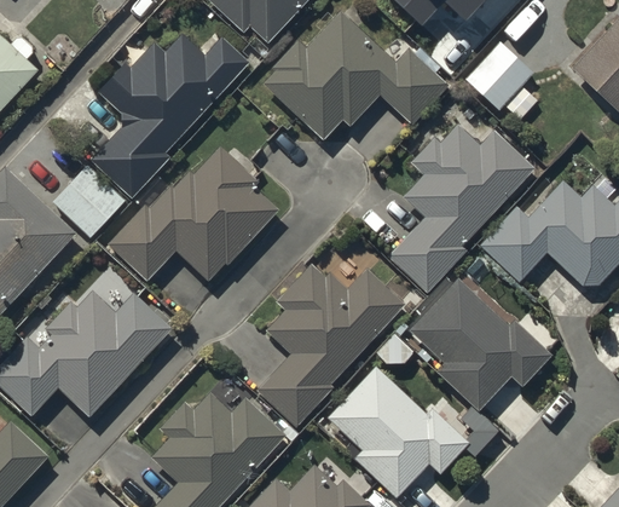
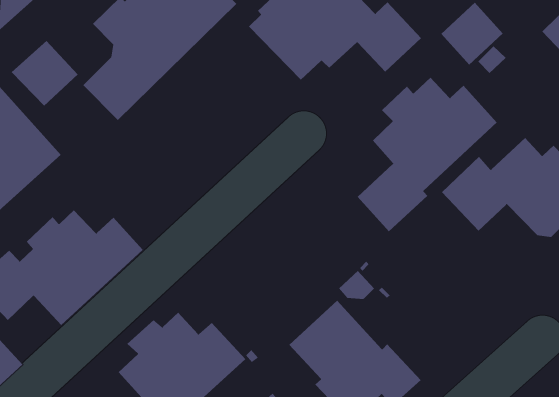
building: [109,148,278,281] -> none
building: [53,167,125,237] -> [11,40,78,107]
building: [264,265,409,424] -> none
building: [409,276,550,409] -> none

